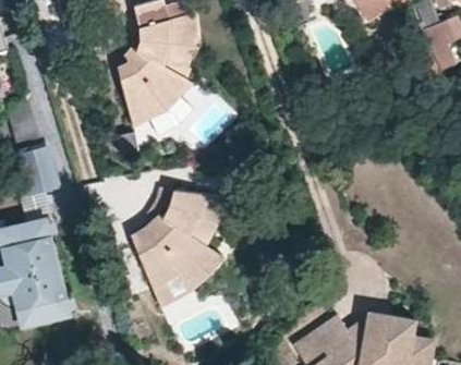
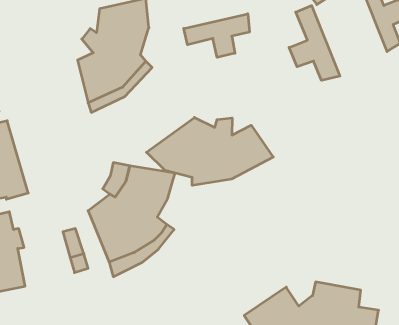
building: none -> [289,6,340,80]
building: none -> [184,14,249,57]
building: none -> [146,117,273,185]

